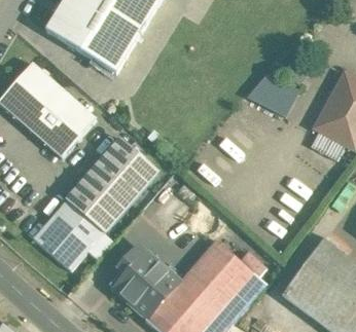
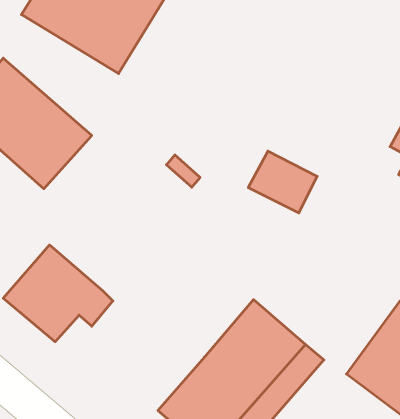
building: [247,69,297,114] -> [248,151,317,213]
building: [66,137,158,232] -> none
building: [114,252,179,320] -> none

